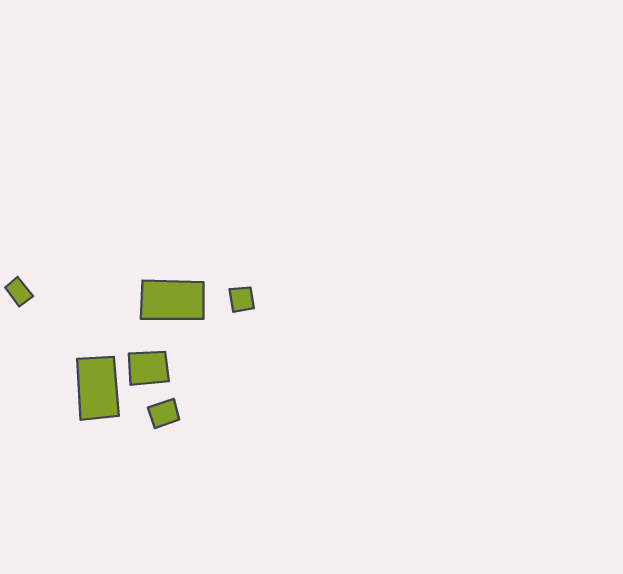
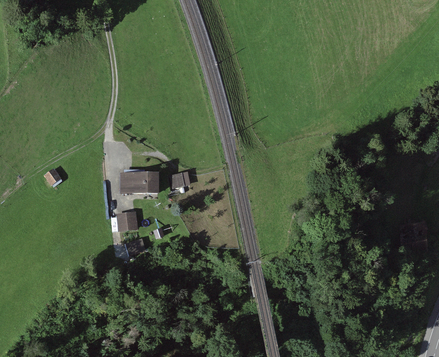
building: [77,357,119,420] -> none

